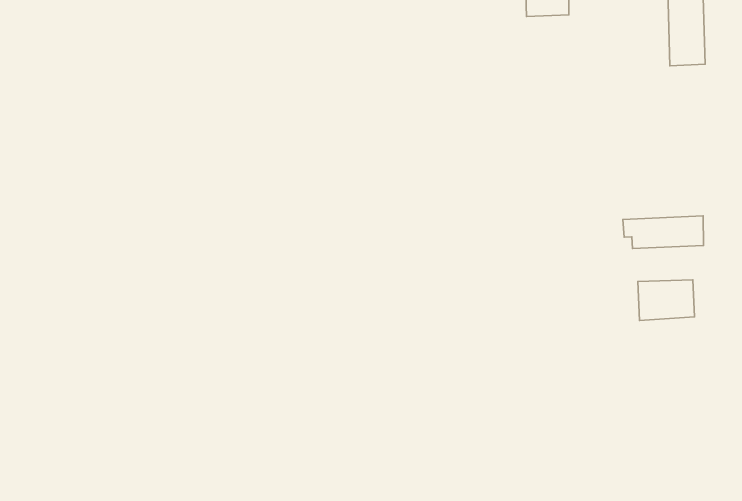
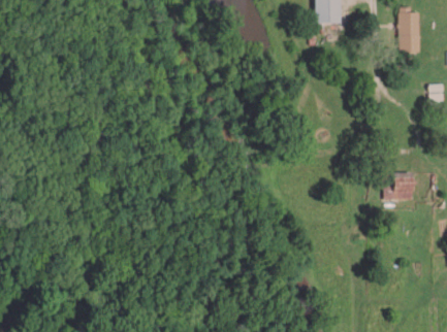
building: [623,216,703,249] -> none

